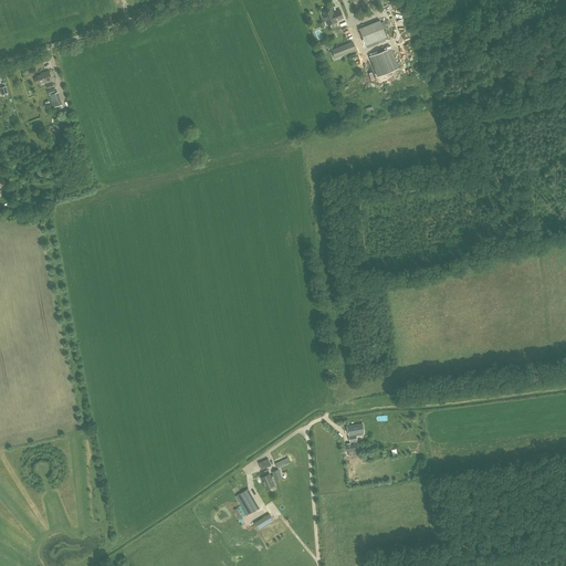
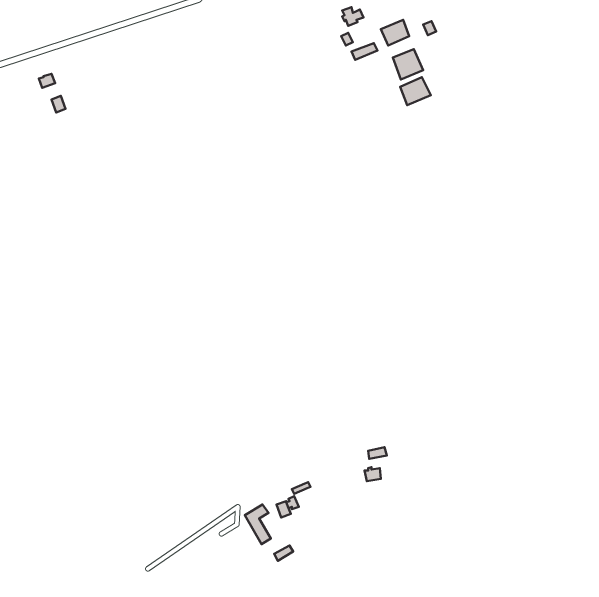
building: none -> [400,77,431,105]

